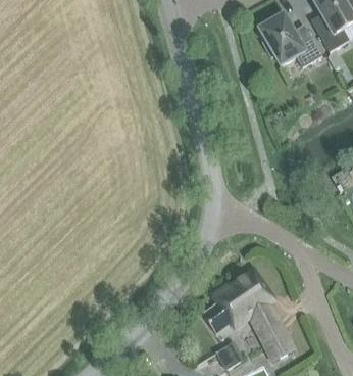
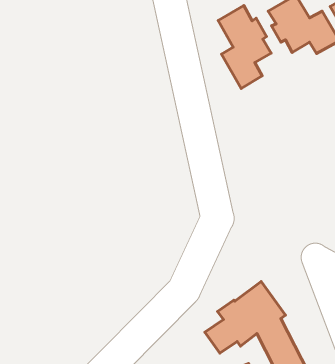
building: none -> [218,6,271,89]

